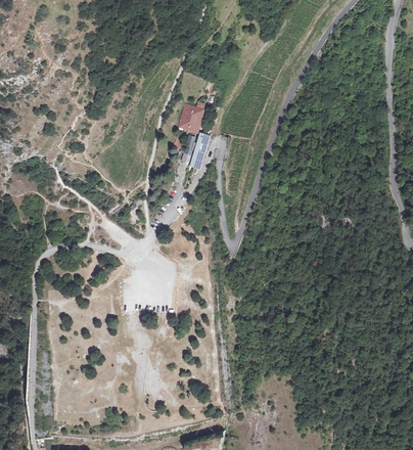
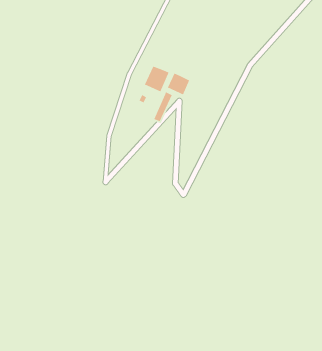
building: none -> [167,72,190,95]

